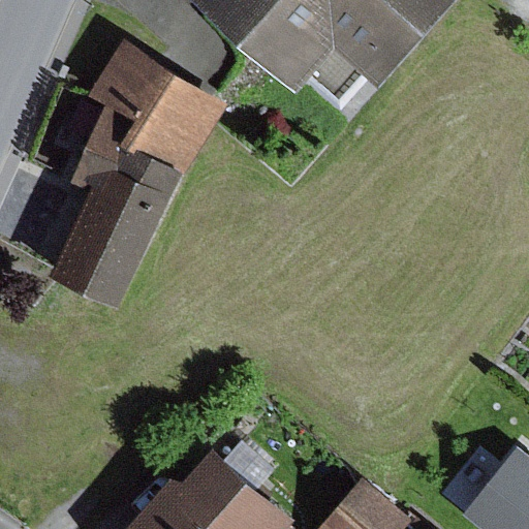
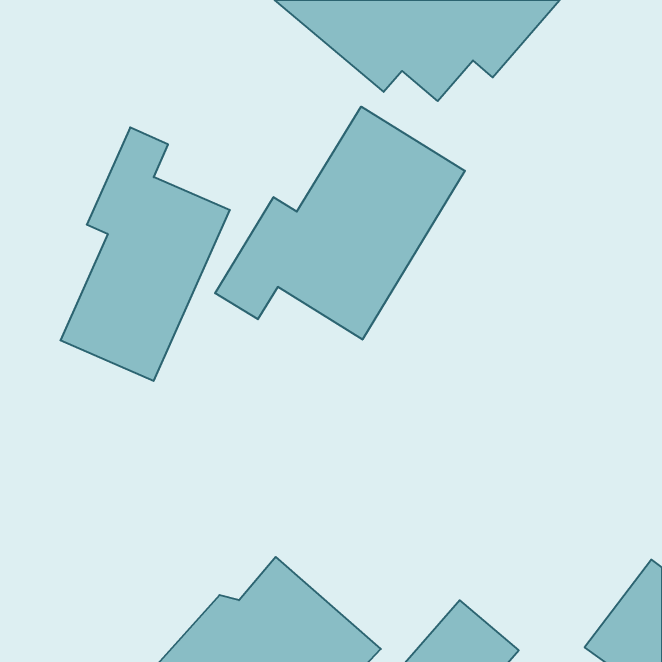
building: [88,42,227,173] -> none
building: none -> [215,107,465,340]

